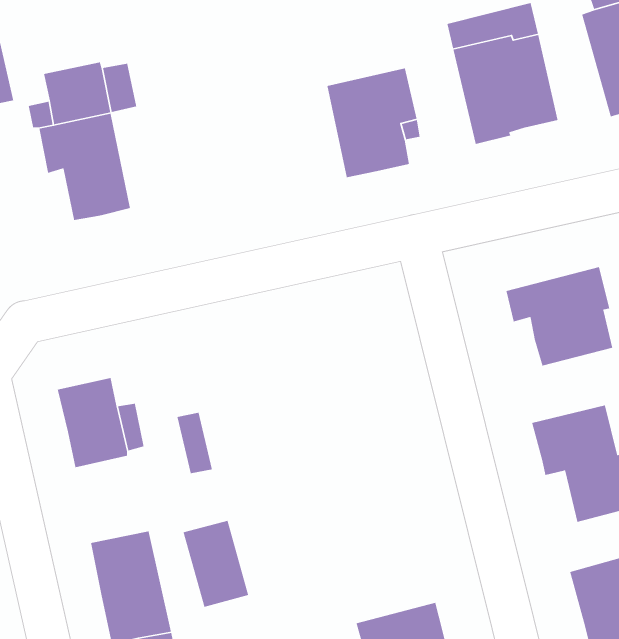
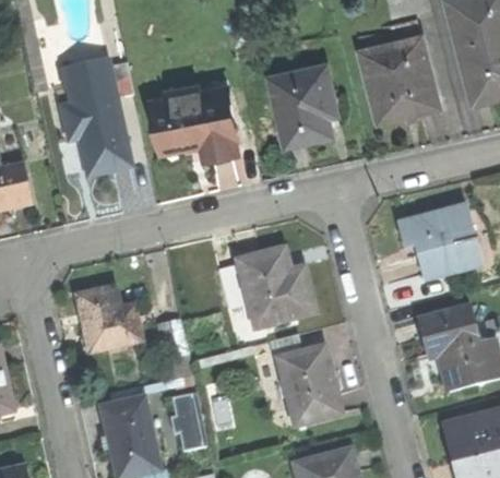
building: none -> [153,80,239,157]
building: none -> [238,249,314,327]
building: none -> [276,346,340,423]

